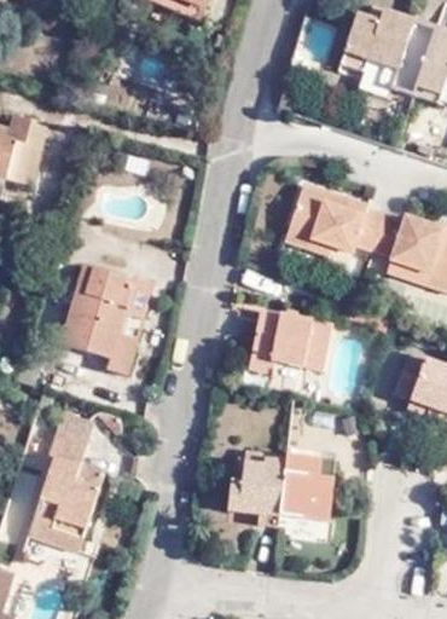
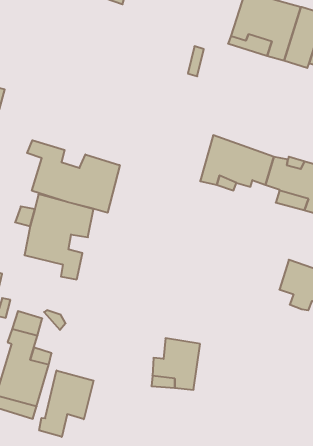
building: none -> [27,140,120,213]
building: [249,311,337,375] -> none
building: [286,458,341,521] -> none
building: none -> [39,370,94,437]

